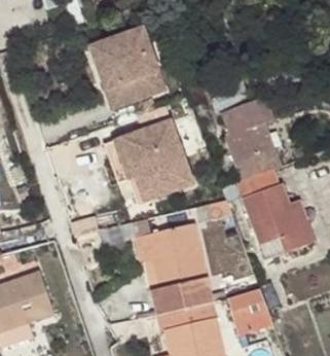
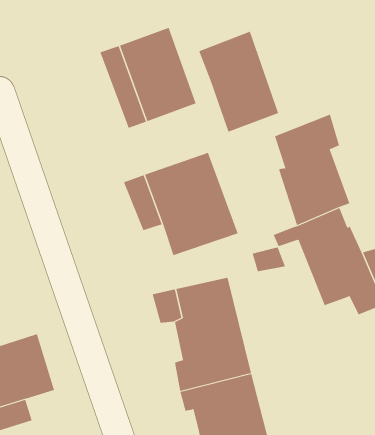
building: none -> [199,31,279,132]
building: [223,285,272,331] -> none

